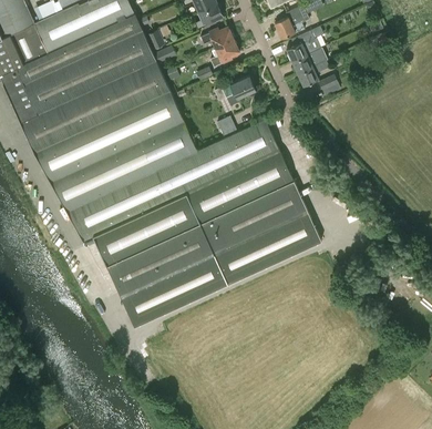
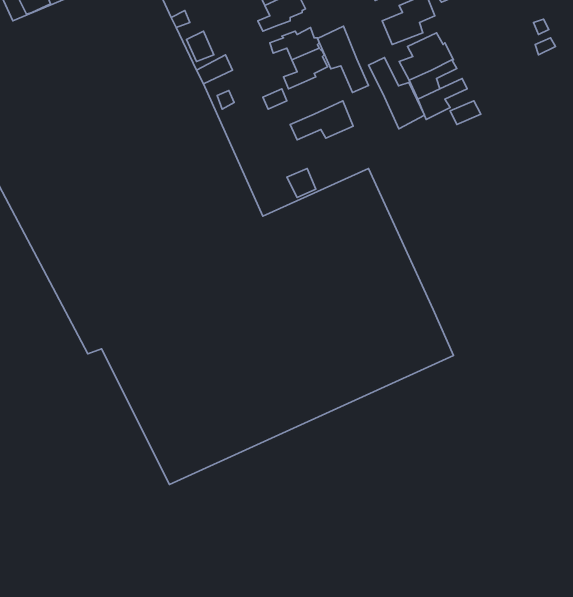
building: none -> [318,26,369,92]
building: none -> [369,57,425,129]

